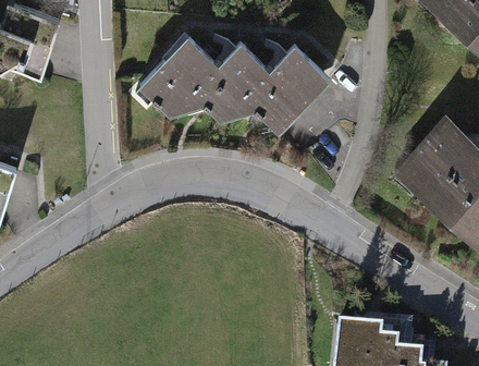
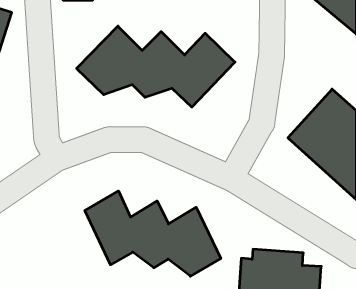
building: none -> [85,191,221,276]

